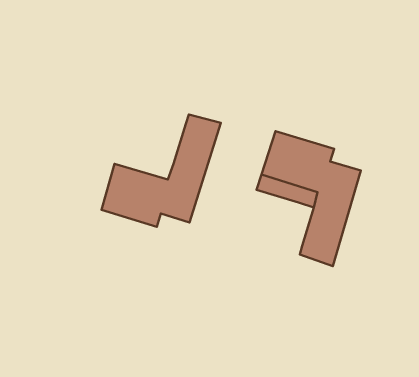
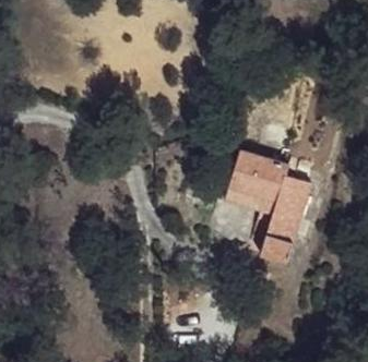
building: [101,114,221,227] -> none

